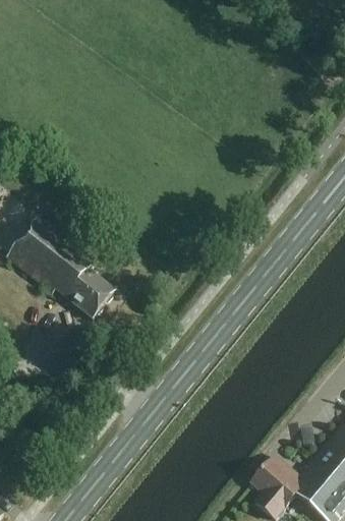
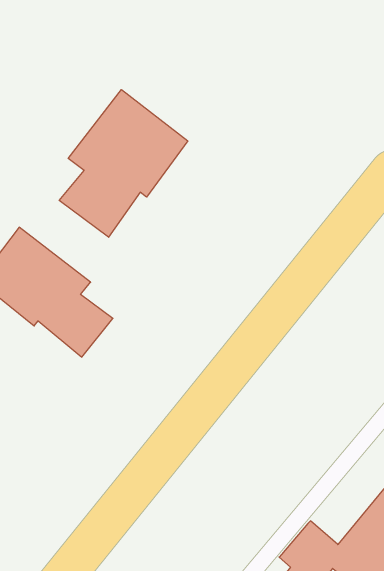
building: none -> [59,90,188,237]

